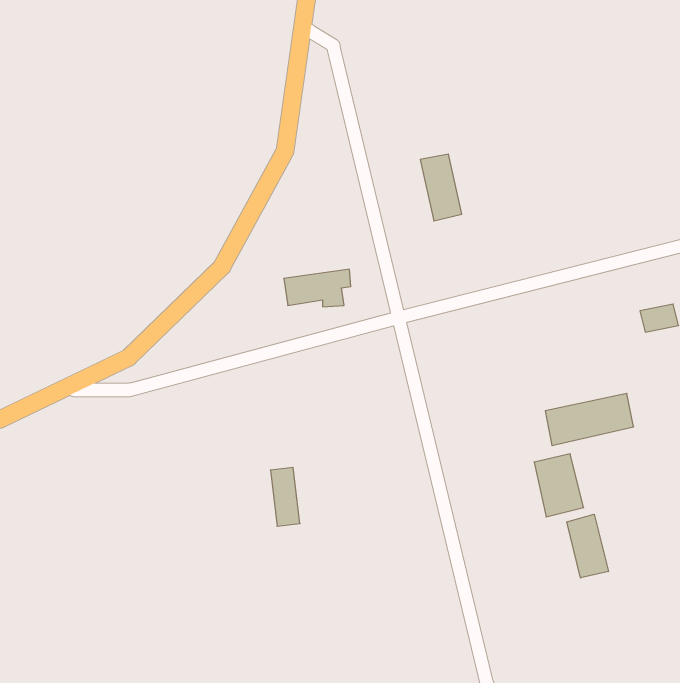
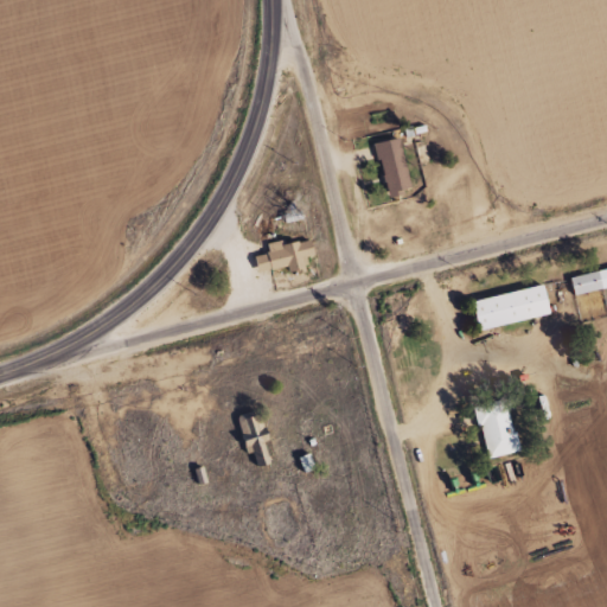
building: [545,393,634,446] -> [471,285,549,331]
building: [567,514,608,578] -> none

